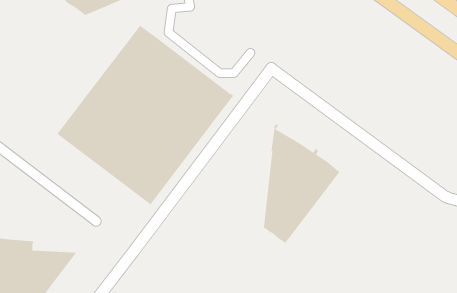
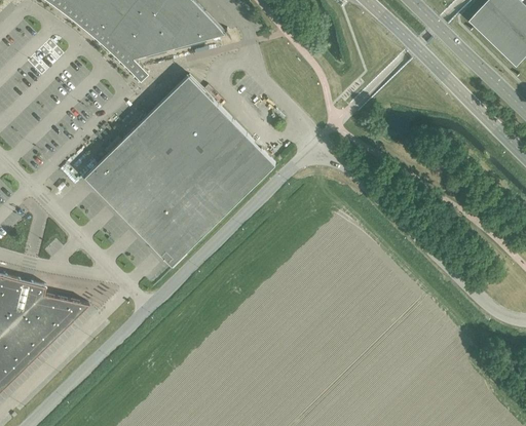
building: [261,124,340,245] -> none

